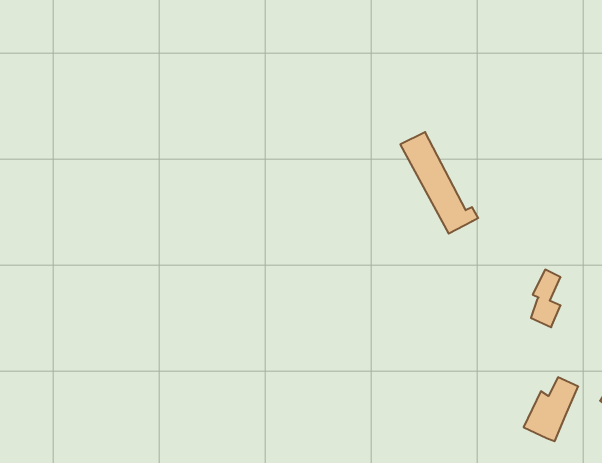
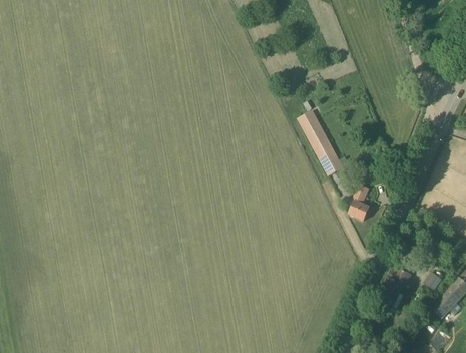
building: [531,270,561,327] -> [350,184,369,221]

